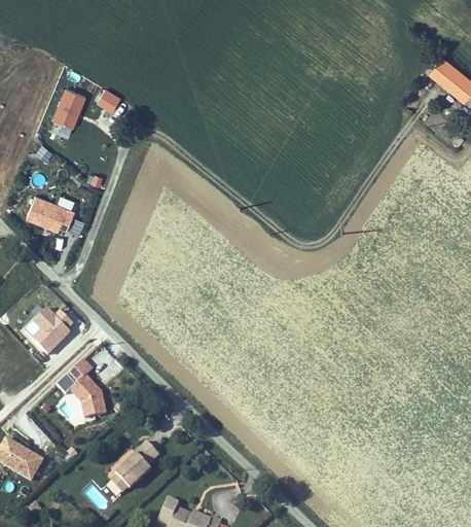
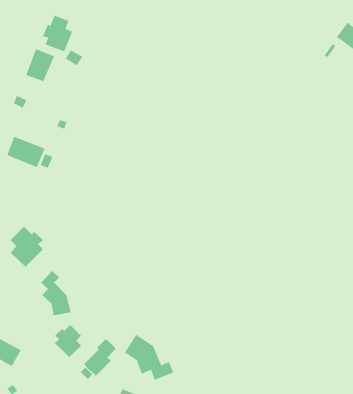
building: none -> [42,15,73,52]
building: none -> [54,324,82,358]
building: none -> [124,334,174,381]

